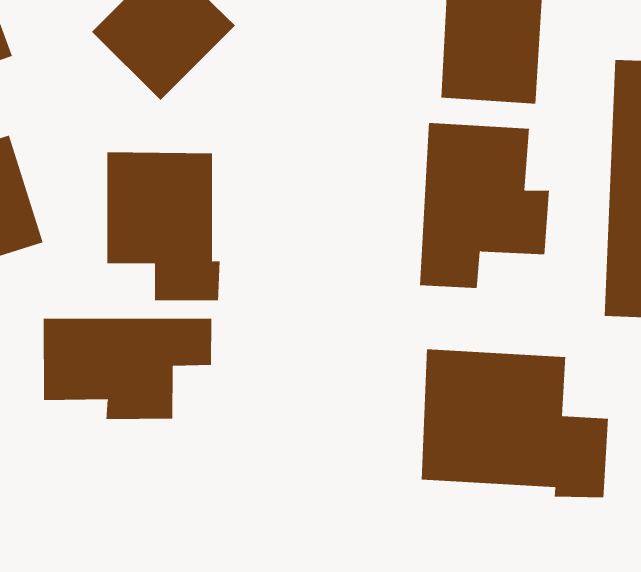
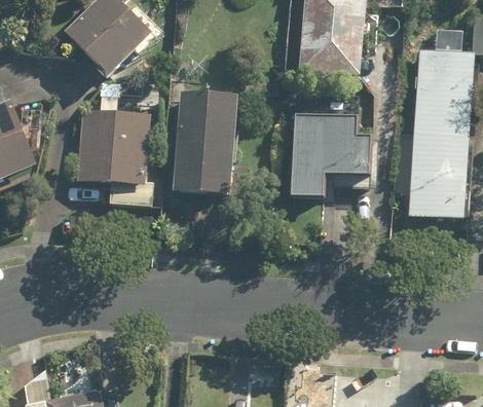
building: none -> [174,89,240,195]
building: [43,318,212,420] -> none
building: [421,349,608,498] -> none

